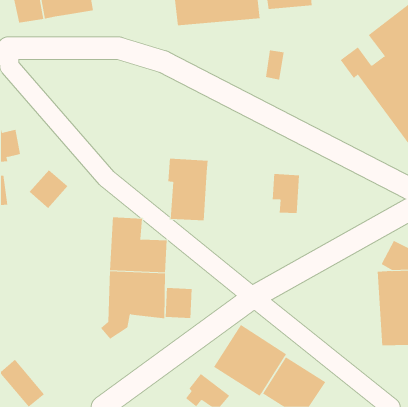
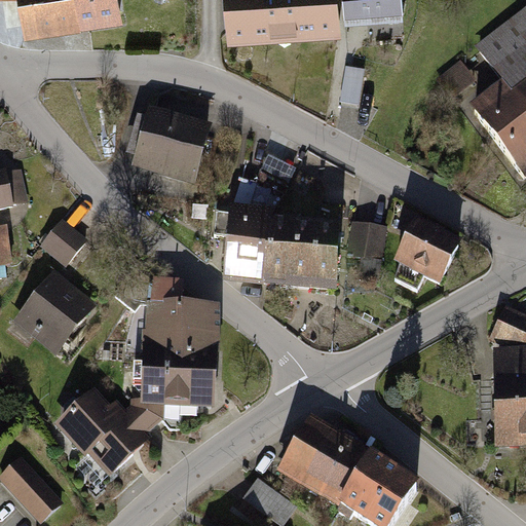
building: none -> [124,104,212,182]
building: none -> [393,213,463,290]
building: none -> [264,220,342,288]
building: none -> [10,270,97,356]
building: [165,287,192,319] -> none
building: none -> [52,387,151,484]

